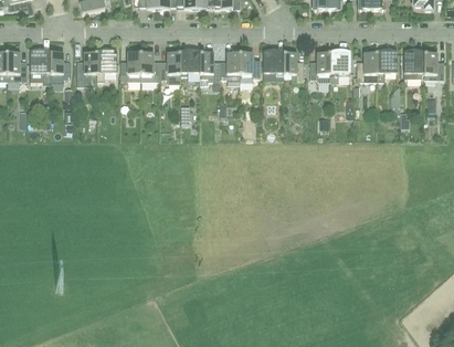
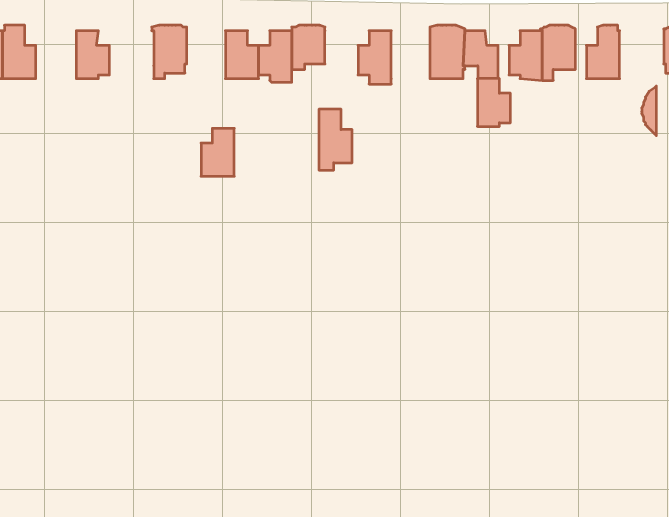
building: [30,48,51,75] -> none
building: [200,49,220,85] -> [319,109,352,170]
building: [377,49,398,81] -> none
building: [77,52,97,84] -> none
building: [120,52,140,81] -> [201,128,234,176]
building: [240,52,260,81] -> [477,79,510,126]

